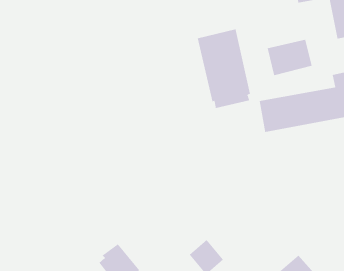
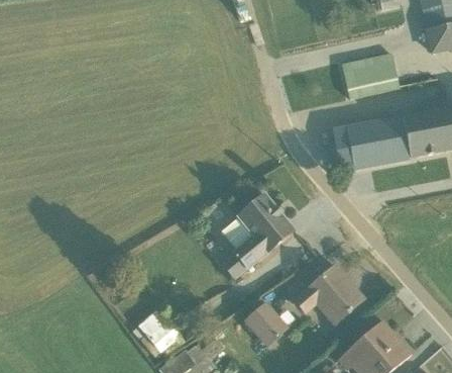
building: [197,28,251,109] -> none
building: none -> [219,195,295,280]
building: none -> [295,265,362,324]

